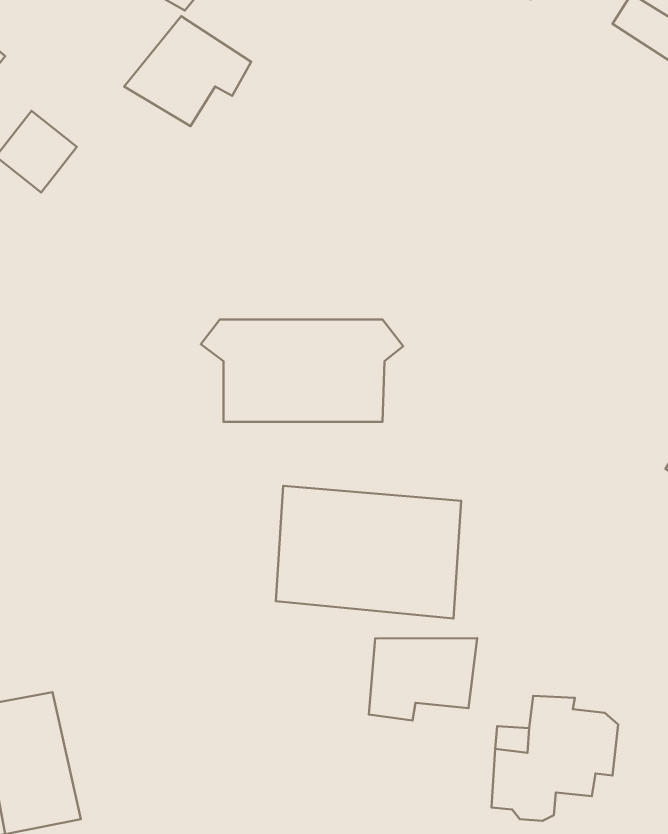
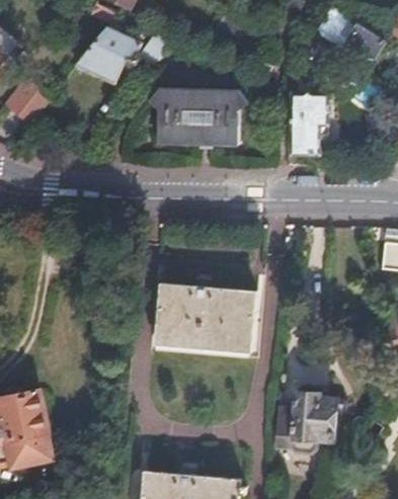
building: none -> [292,89,327,152]
building: [201,320,403,422] -> [145,90,253,145]
building: [369,638,477,720] -> none

